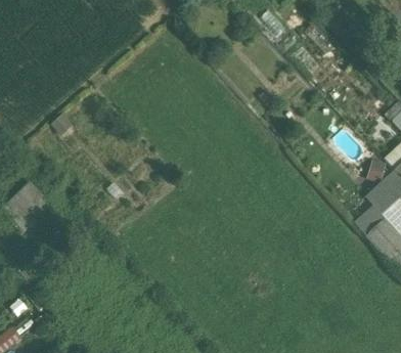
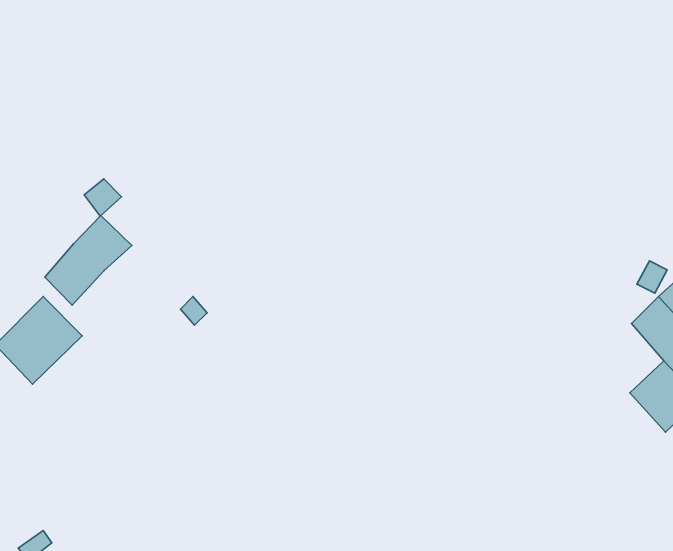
building: none -> [45,216,132,305]

